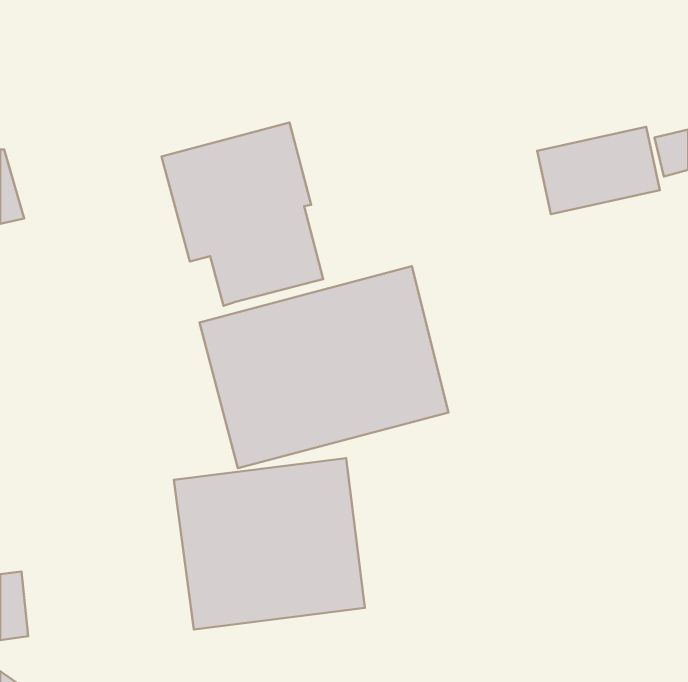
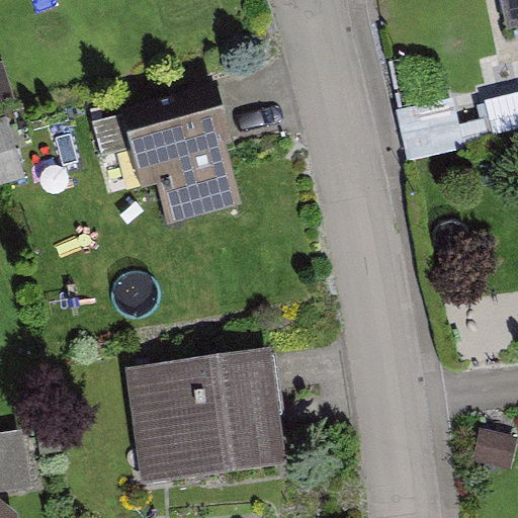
building: [200,266,449,468] -> none

